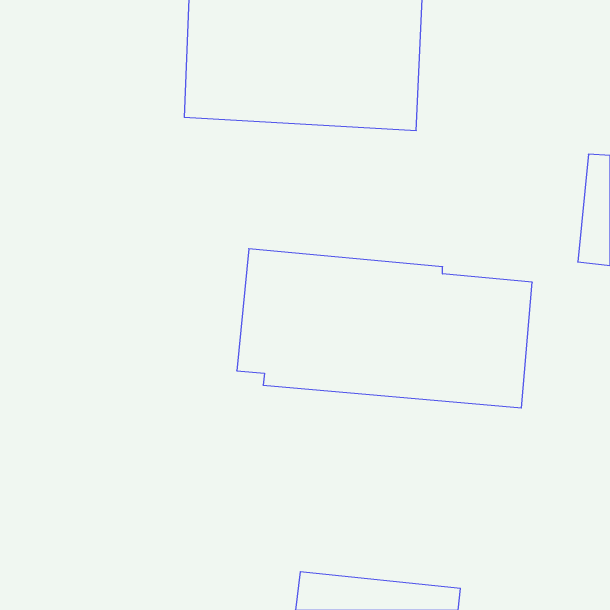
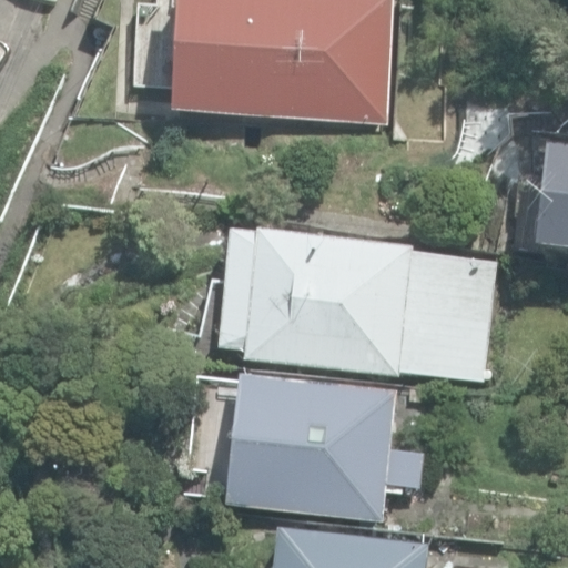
building: none -> [229,376,420,519]

